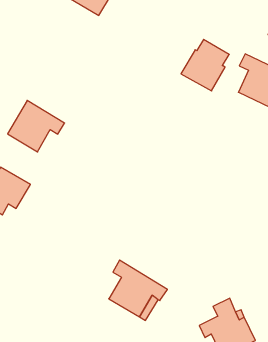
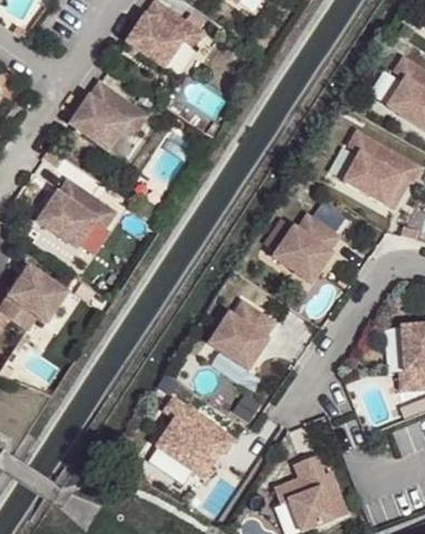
building: none -> [71,83,148,151]
building: [181,39,229,91] -> [275,215,341,284]
building: none -> [215,300,279,368]

